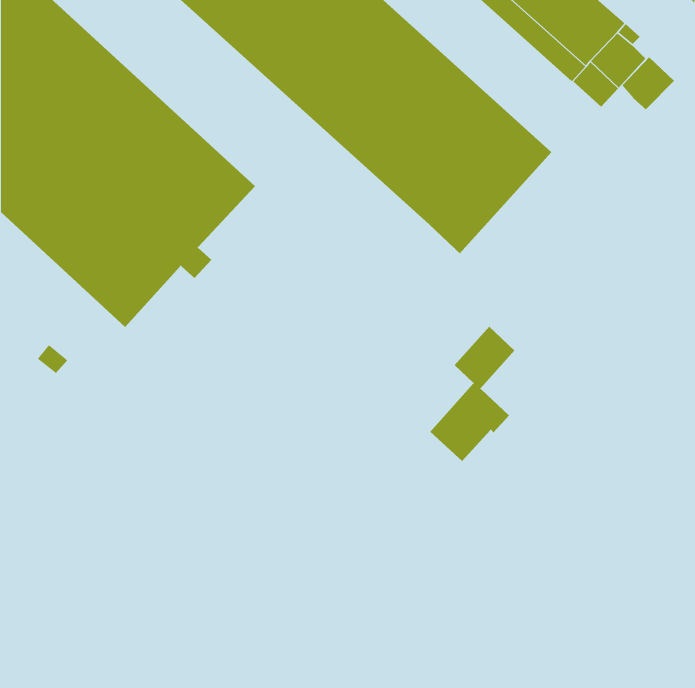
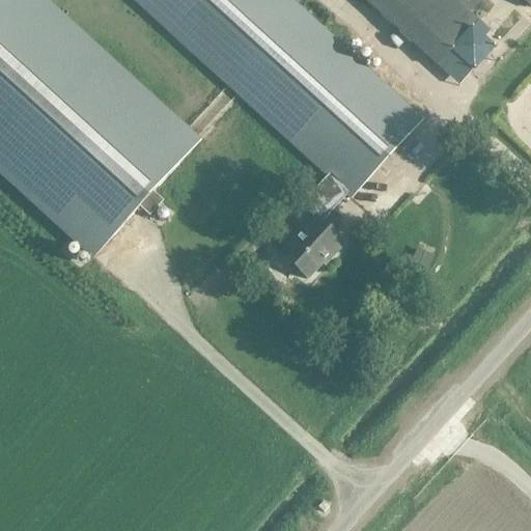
building: [621,56,675,110] -> none
building: [429,326,515,462] -> [281,171,346,275]

